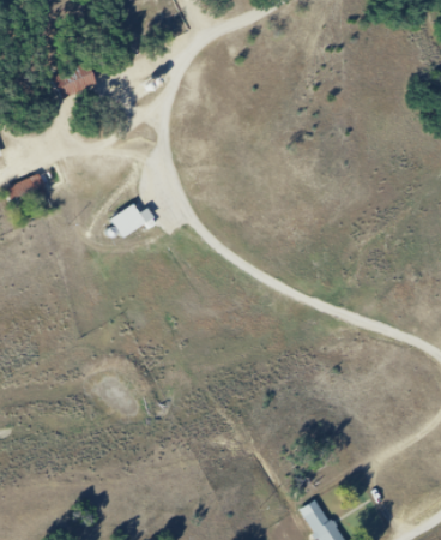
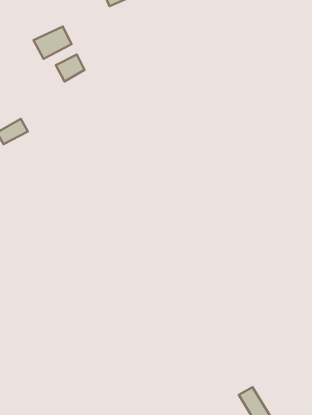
building: none -> [56,54,85,82]
building: [110,203,153,236] -> none

